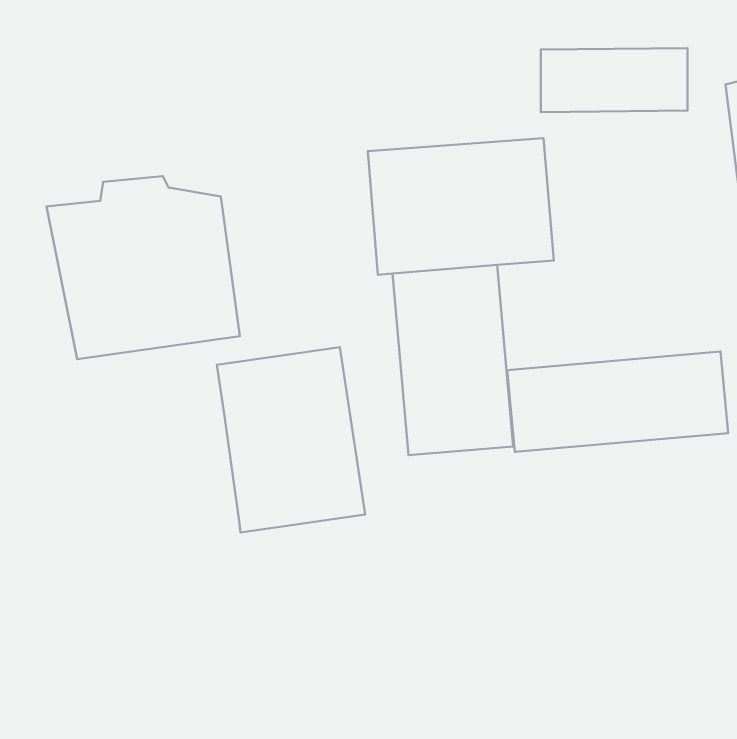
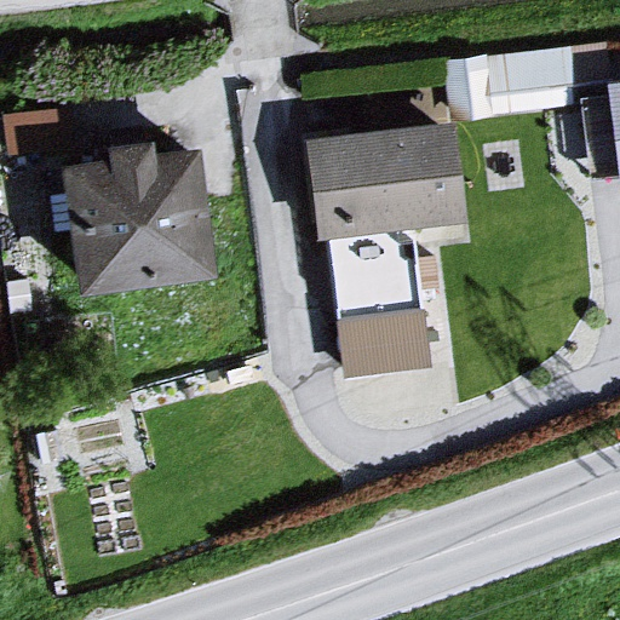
building: [217,347,365,532] -> none
building: [507,351,728,452] -> none

